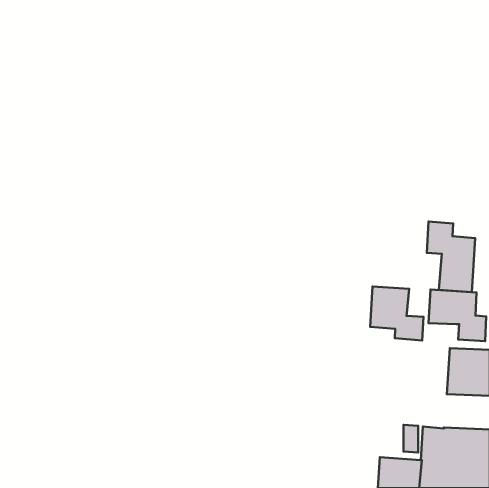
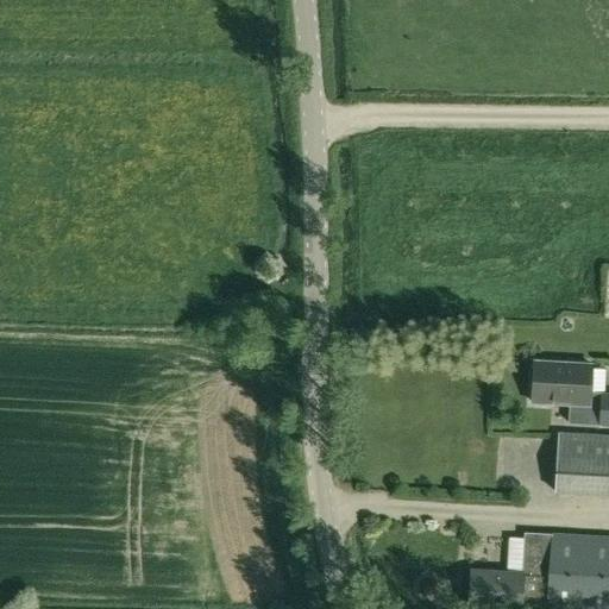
building: [427,221,475,292] -> none
building: [370,286,423,340] -> none

